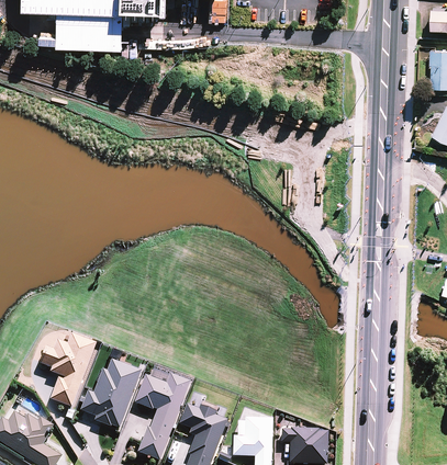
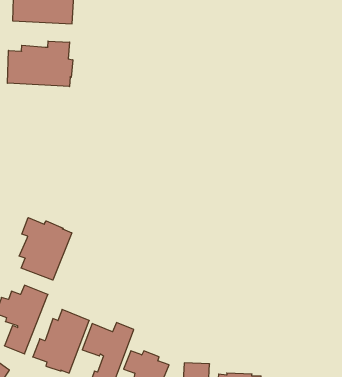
building: none -> [7,41,73,87]
building: none -> [19,218,72,280]

